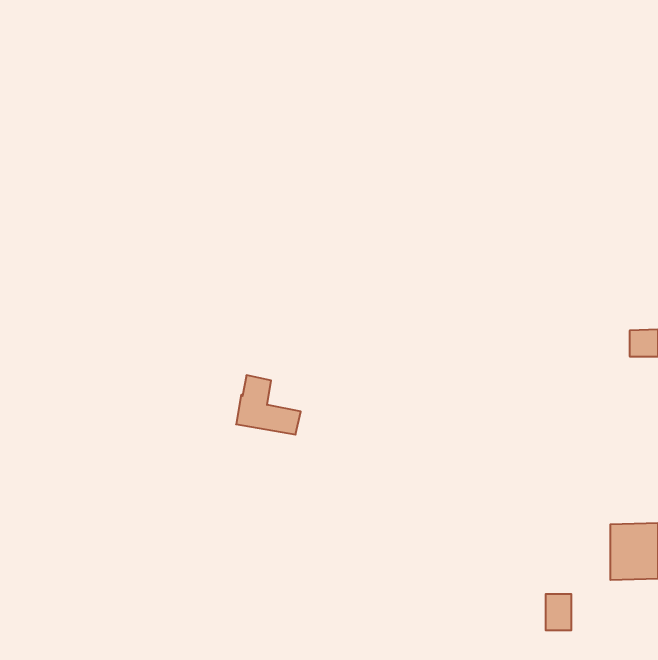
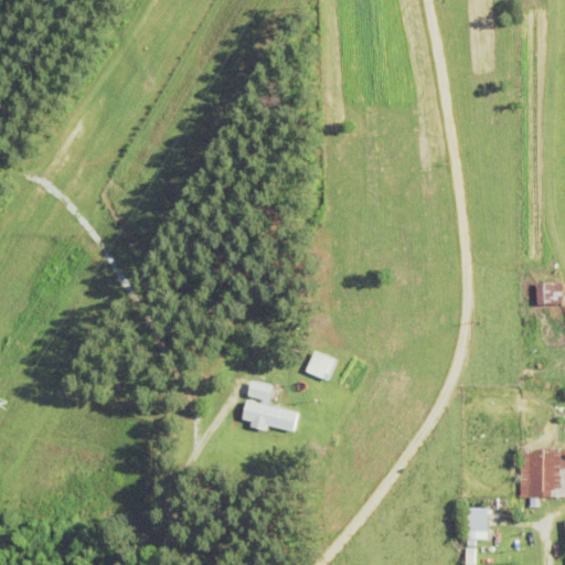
building: [236,375,301,435] -> [243,381,298,431]
building: none -> [307,351,337,380]

